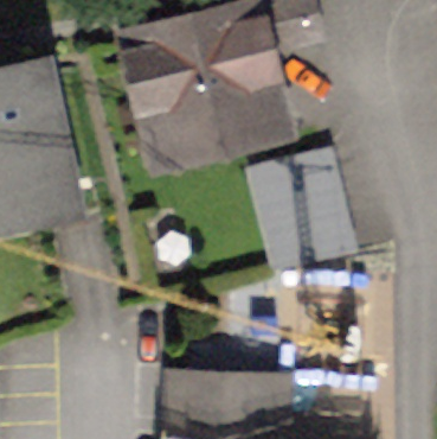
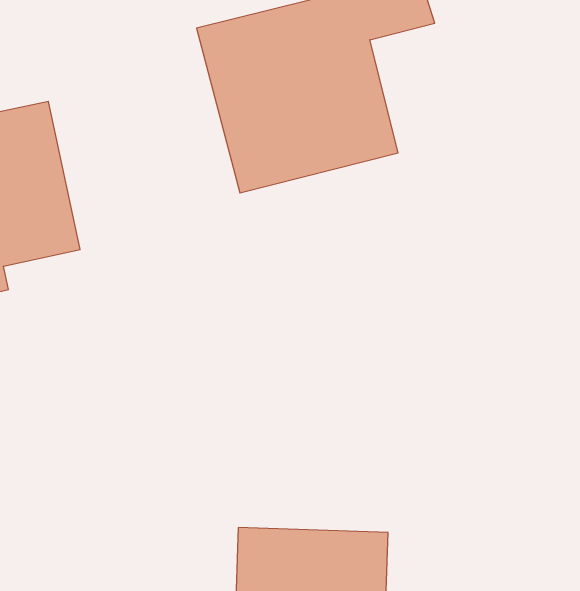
building: [248,148,348,269] -> none

